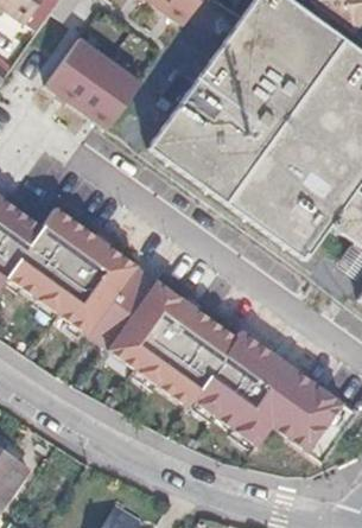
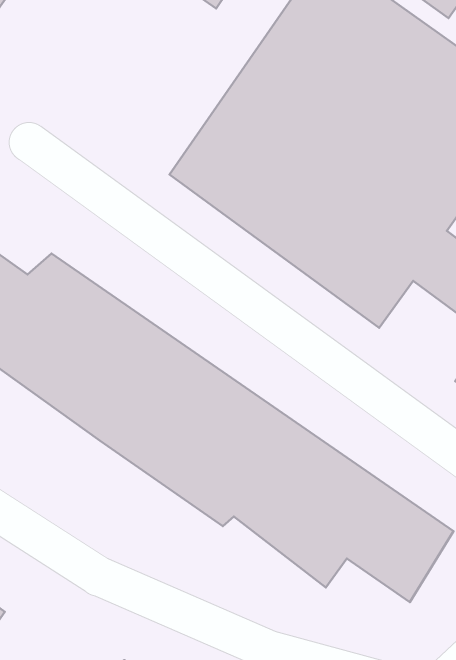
building: [45,38,141,129] -> none

